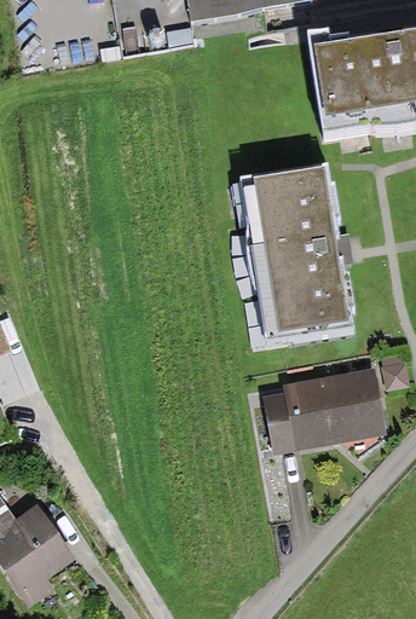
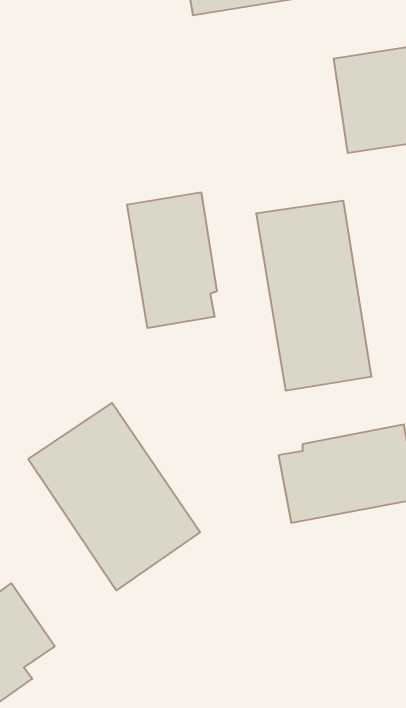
building: none -> [127,192,217,328]
building: none -> [28,403,200,590]

